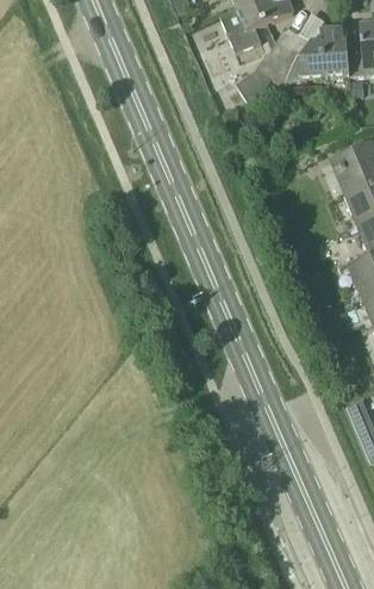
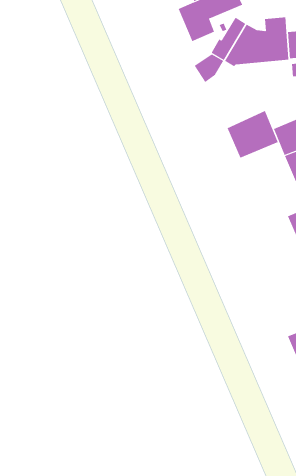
building: none -> [227,110,279,159]

